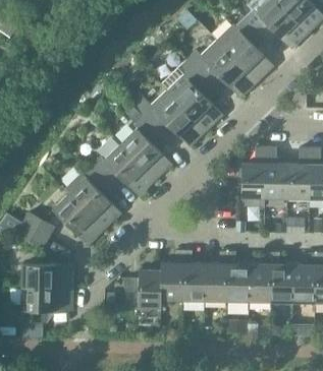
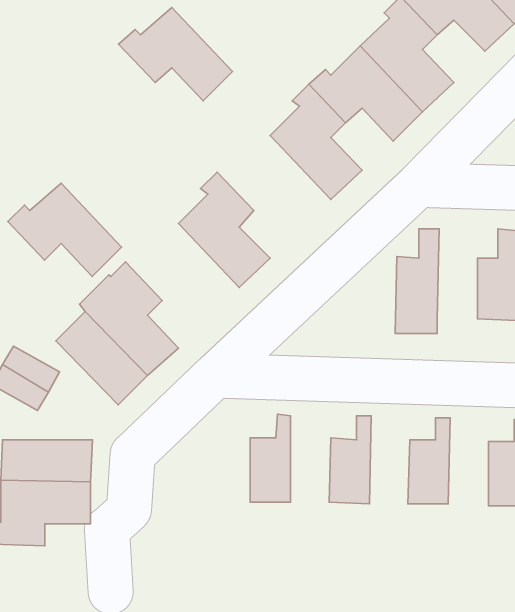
building: [142,97,205,148] -> [119,7,232,101]
building: [91,145,154,197] -> [8,183,122,277]
building: [264,148,286,198] -> none
building: [182,252,205,300] -> none
building: [226,252,249,301] -> none
building: [270,253,292,302] -> none
building: [124,271,161,308] -> none

